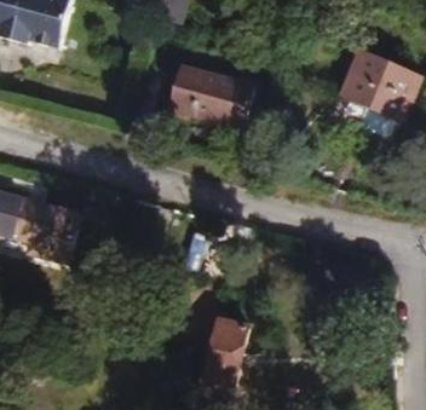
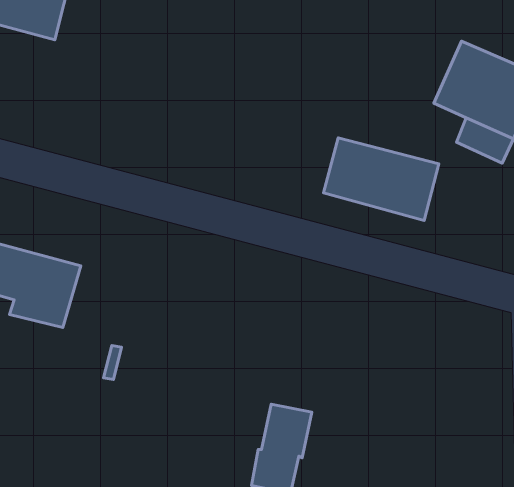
building: [168,68,254,129] -> [323,138,439,221]

